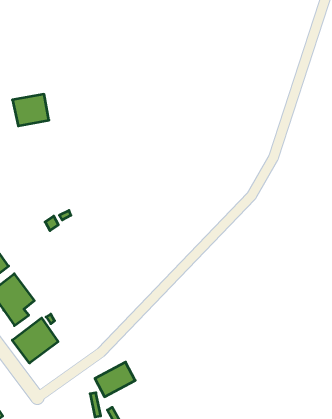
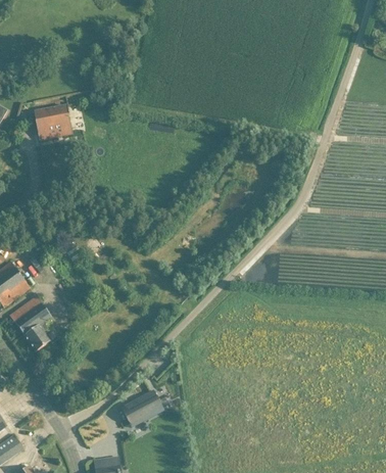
building: [12,318,58,363] -> none

